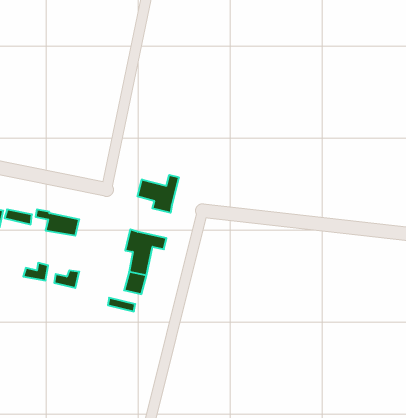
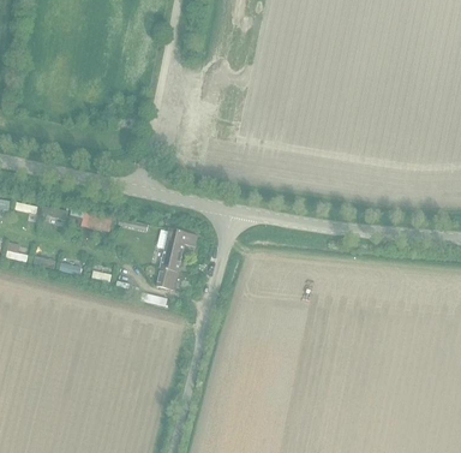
building: [138,175,179,213] -> none

